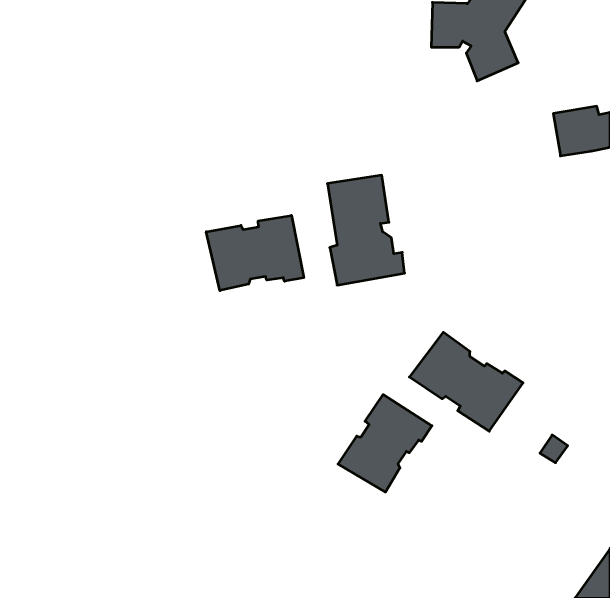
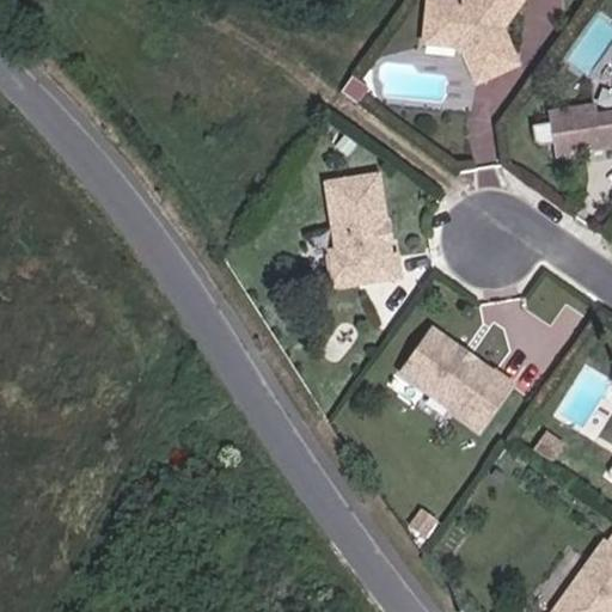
building: [206,215,304,291] -> none
building: [338,395,432,492] -> none

